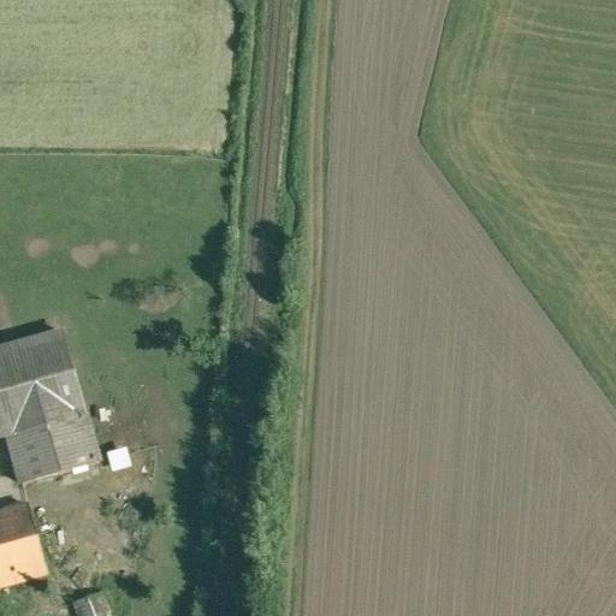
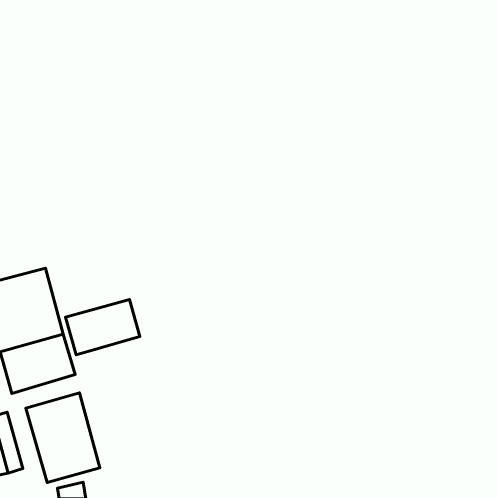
building: none -> [65,300,140,355]
building: none -> [26,393,100,482]

